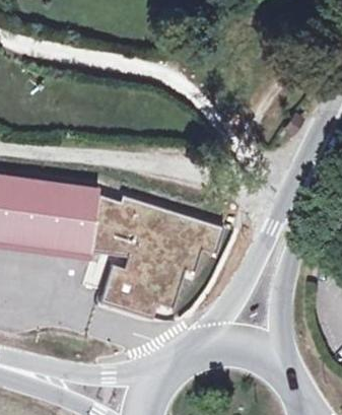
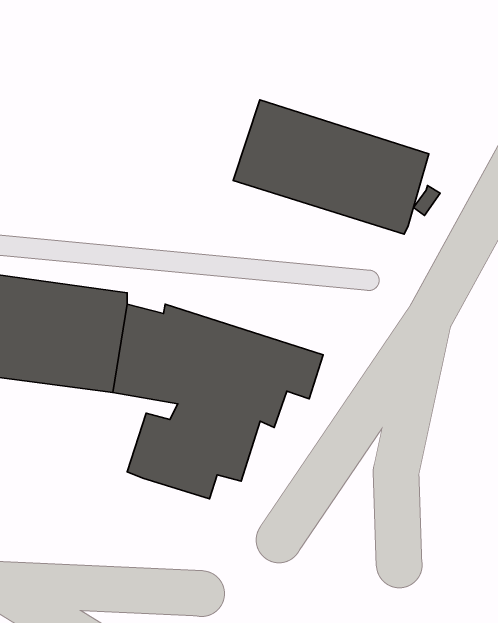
building: none -> [233,100,429,234]

